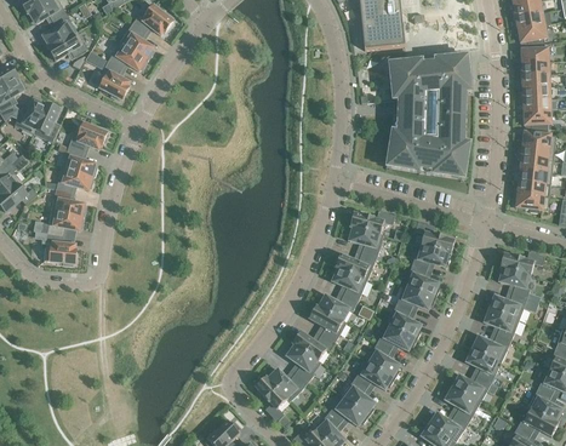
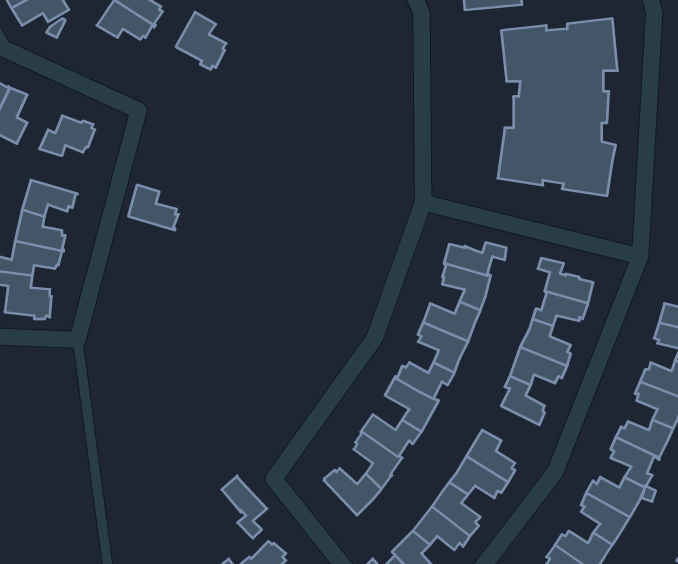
building: [95,59,130,99] -> [176,12,226,69]
building: [62,145,97,177] -> [128,185,179,230]
building: [377,325,417,350] -> none
building: [256,376,287,419] -> [222,476,267,538]

